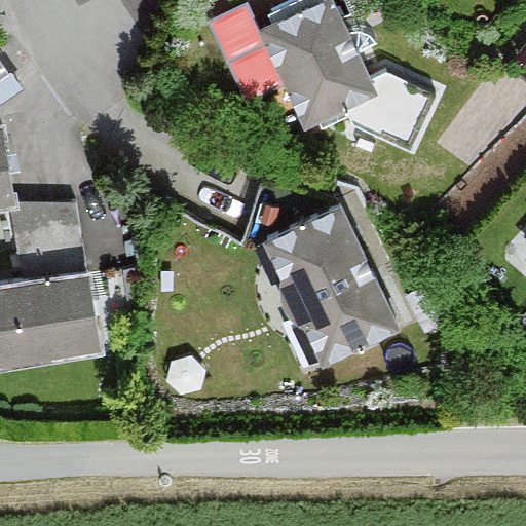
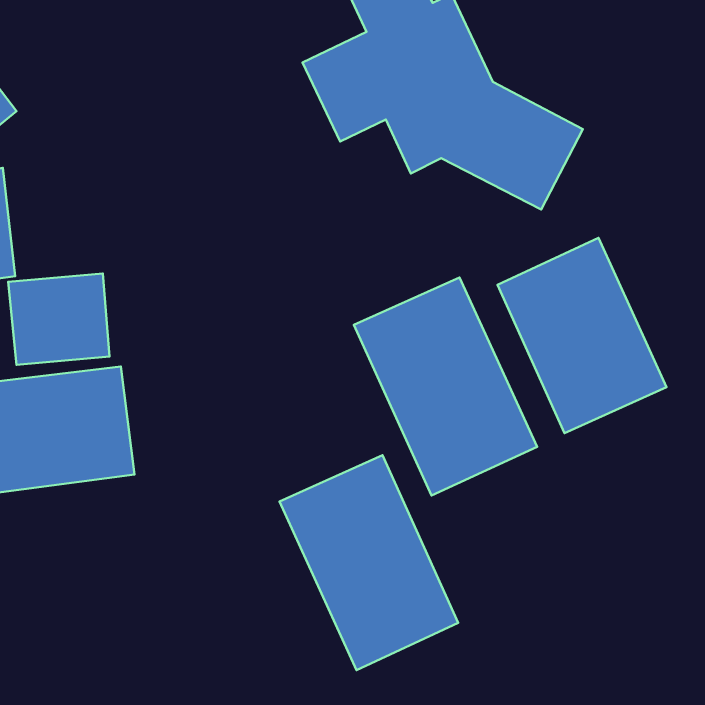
building: none -> [497,238,667,433]
building: none -> [280,455,458,670]

